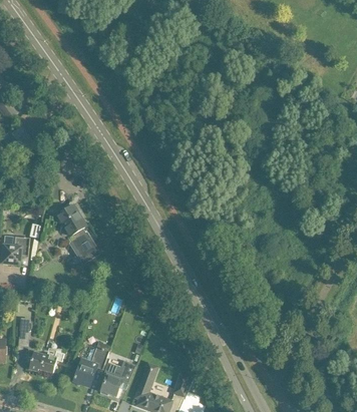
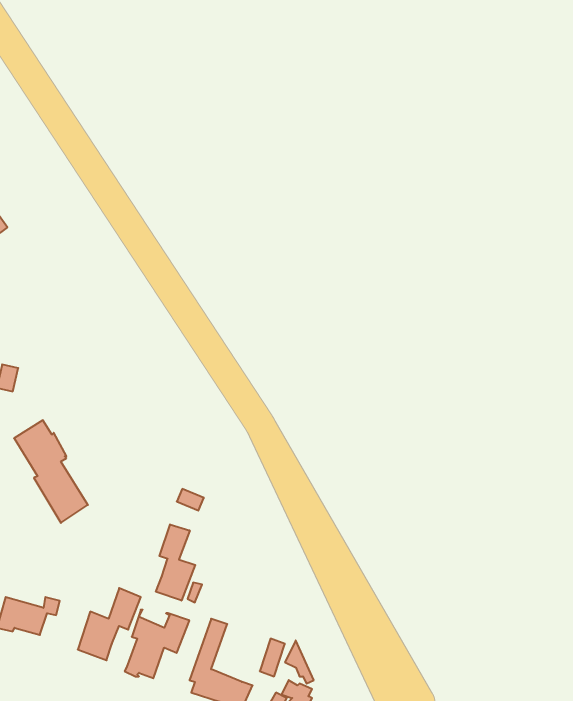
building: [56,204,97,262] -> [14,420,88,523]
building: none -> [156,524,195,601]

